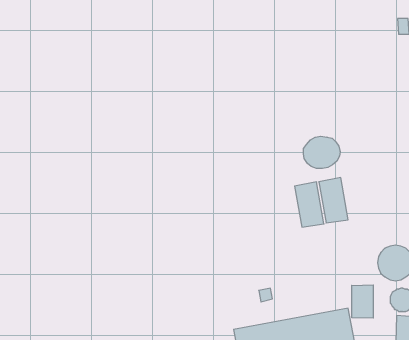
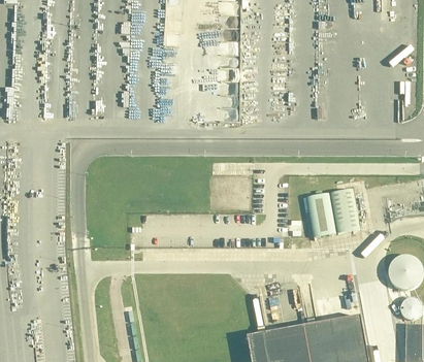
building: [303,136,340,168] -> none
building: [352,285,373,318] -> none

